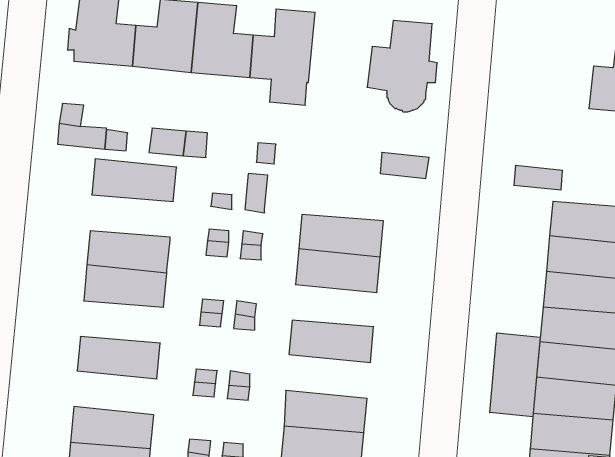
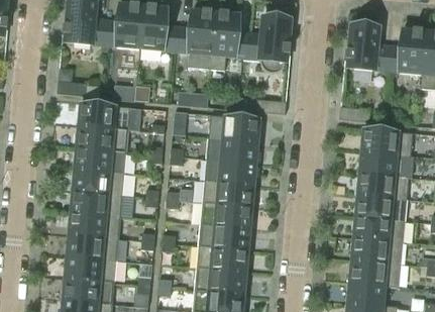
building: none -> [210,12,251,71]
building: none -> [345,25,389,72]
building: none -> [208,115,260,141]
building: none -> [77,125,128,151]
building: none -> [202,181,254,207]
building: none -> [71,191,122,217]
building: [490,333,540,417] -> none
building: none -> [198,224,250,251]
building: none -> [67,234,118,262]

